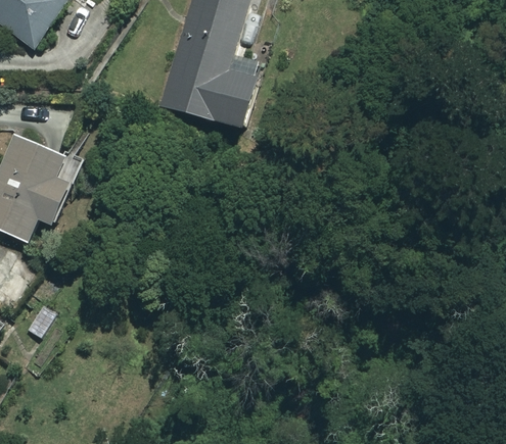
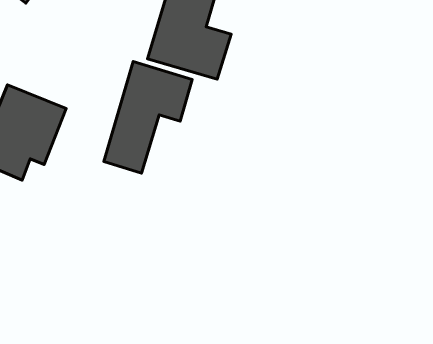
building: none -> [104,62,192,173]

